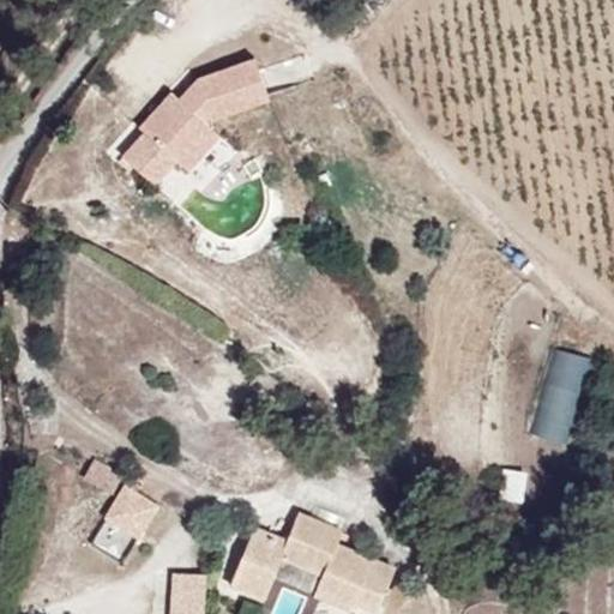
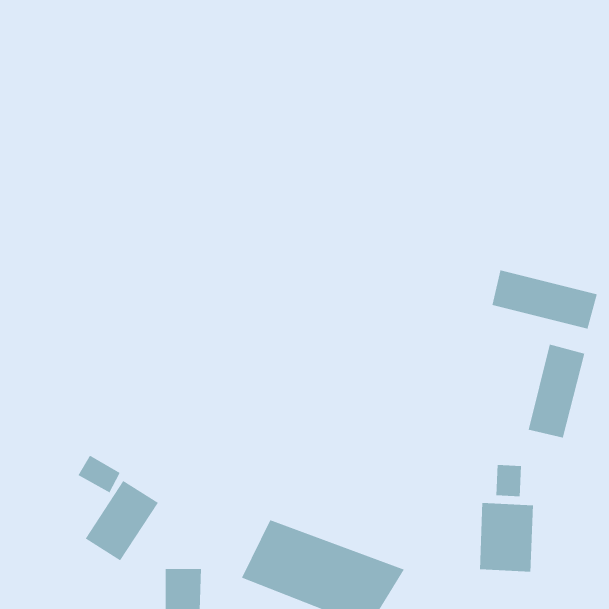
building: [134,52,277,189] -> none
building: none -> [492,269,597,329]
building: none -> [479,502,534,573]

